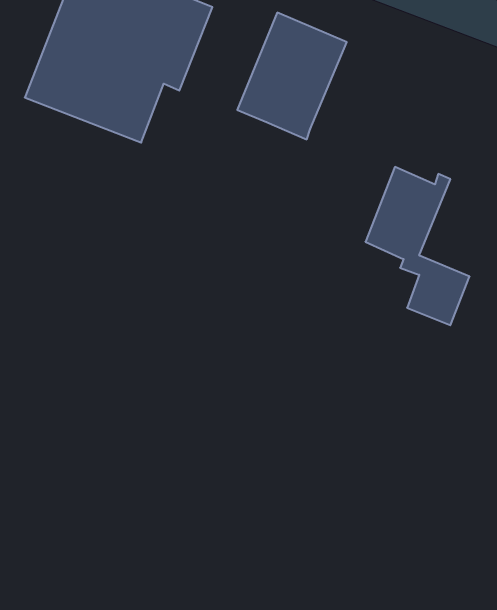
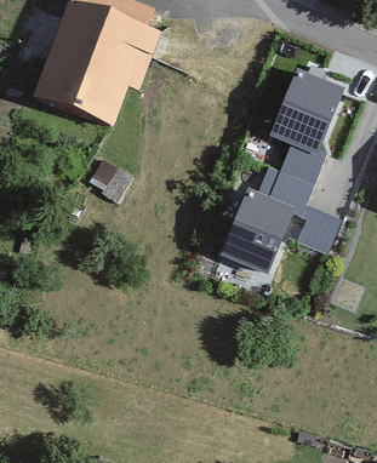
building: [237,13,347,139] -> [270,68,347,156]
building: none -> [219,187,297,275]

